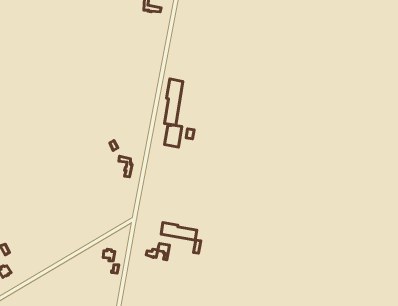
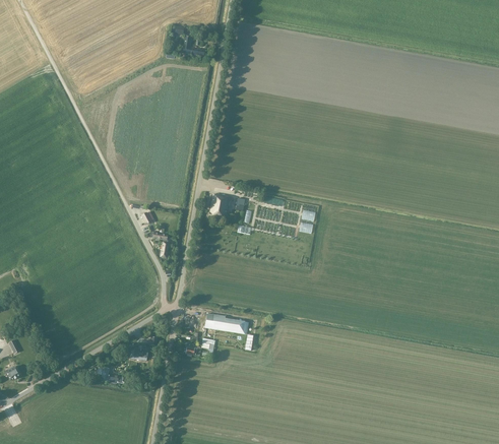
building: [164,79,183,125] -> none

